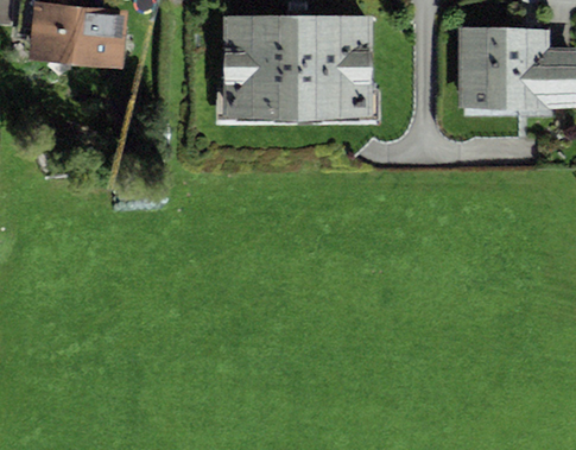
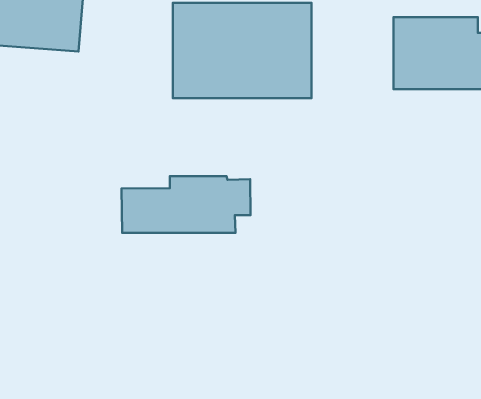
building: none -> [121,176,250,233]

